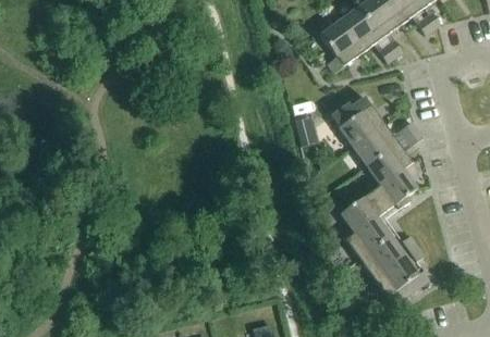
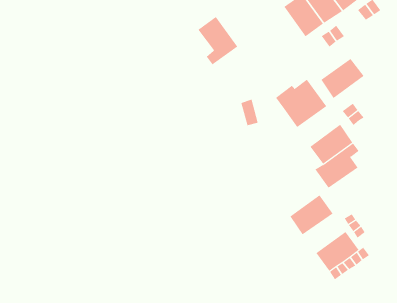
building: [319,20,362,71] -> [197,16,238,65]
building: [353,123,399,165] -> [321,58,364,99]
building: [339,189,385,238] -> none
building: [358,235,404,276] -> none

